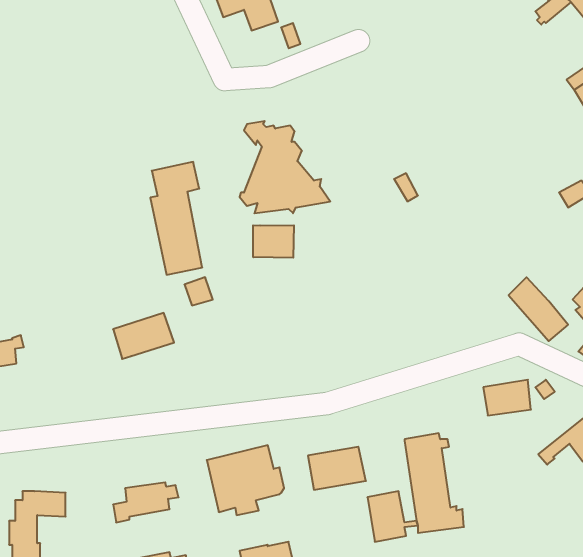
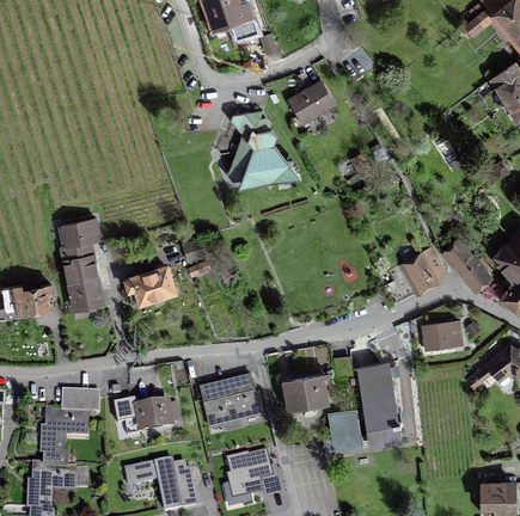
building: none -> [288,80,334,128]
building: [150,162,202,275] -> [60,217,102,308]
building: [253,225,294,258] -> none
building: none -> [398,246,445,290]
building: none -> [61,392,98,411]

